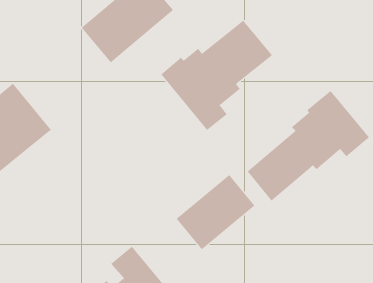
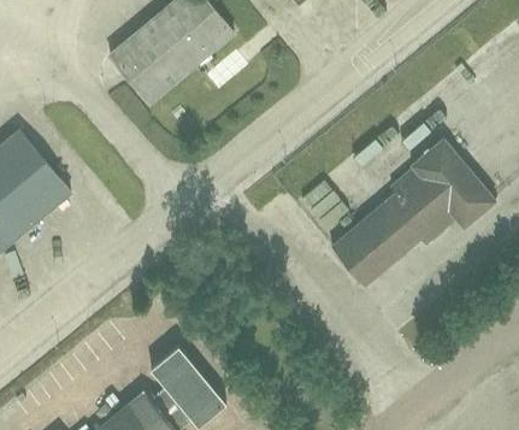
building: [161,20,273,131] -> none
building: [176,174,255,250] -> none

